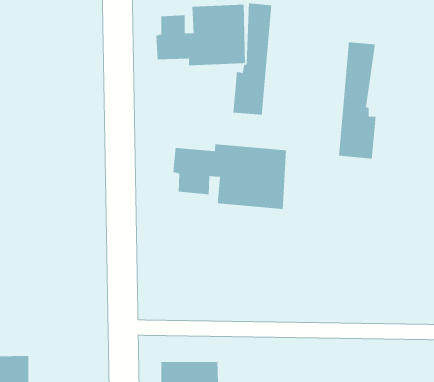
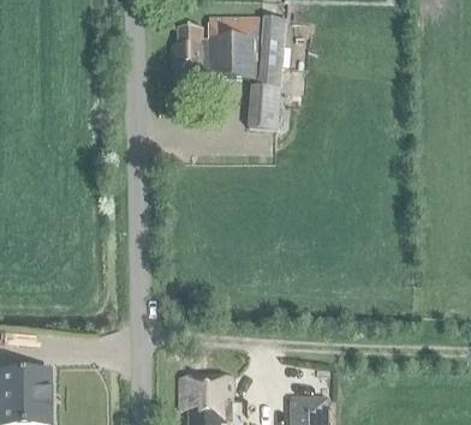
building: [338,42,376,159] -> none
building: [172,143,287,210] -> none

